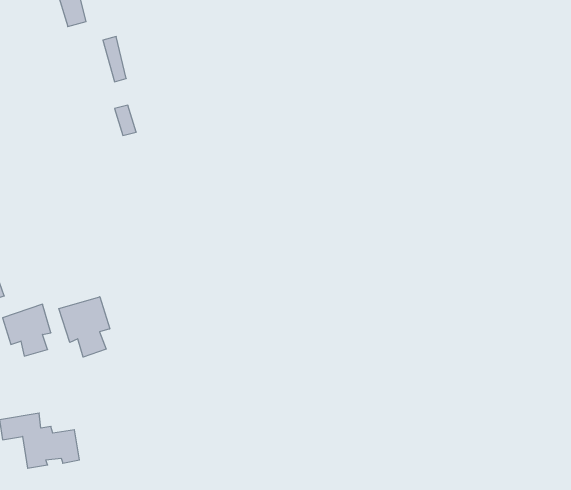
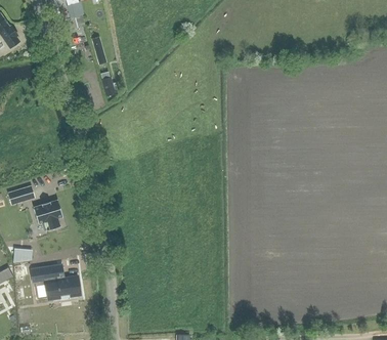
building: [59,297,110,357] -> none

